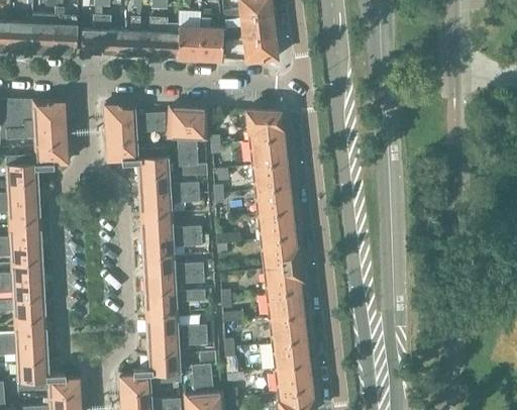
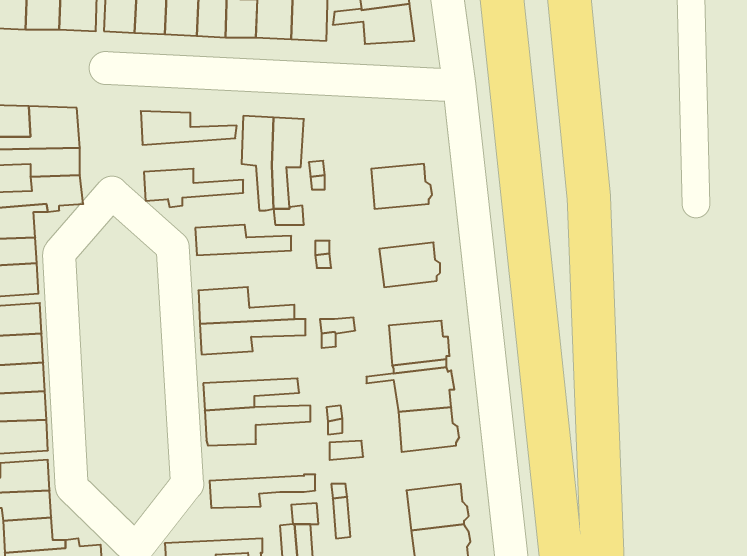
building: [245,110,284,140] -> none
building: [105,121,164,142] -> none
building: [130,156,170,178] -> none
building: [251,163,290,191] -> none
building: [139,192,200,217] -> none
building: [257,211,295,239] -> none
building: [142,255,203,276] -> none
building: [146,314,207,337] -> none
building: [269,315,307,343] -> none
building: [119,353,181,377] -> none

